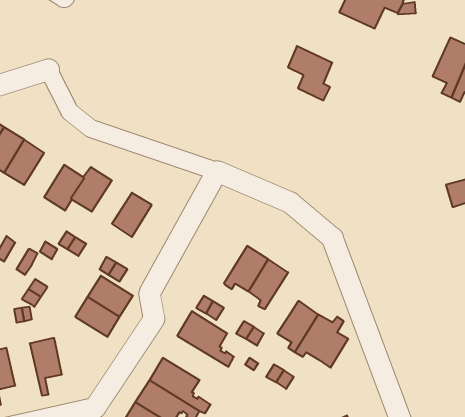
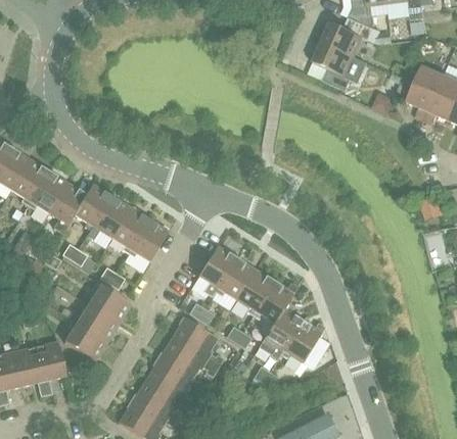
building: [288,46,332,100] -> [312,41,353,91]
building: none -> [30,170,66,211]
building: none -> [92,196,129,236]
building: none -> [129,218,167,260]
building: none -> [197,244,235,296]
building: none -> [252,281,298,322]
building: none -> [63,322,106,359]
building: none -> [157,339,218,380]
building: none -> [13,346,46,396]

